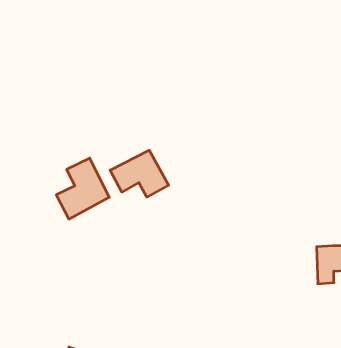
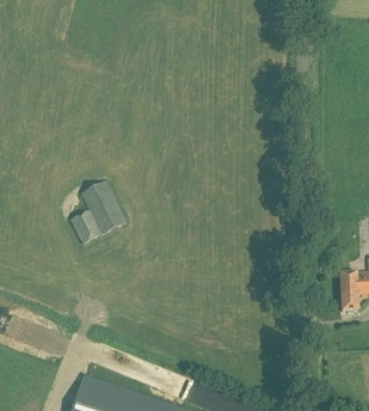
building: [110,150,169,197] -> none

